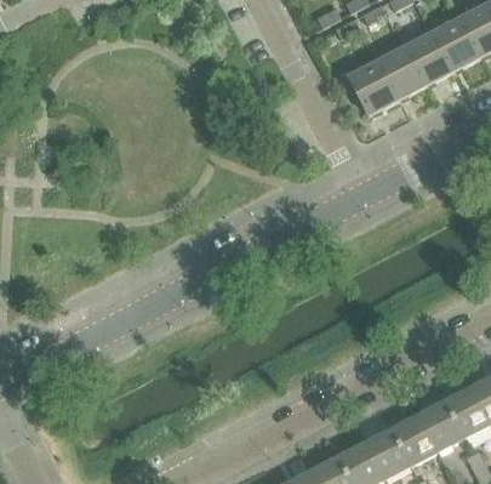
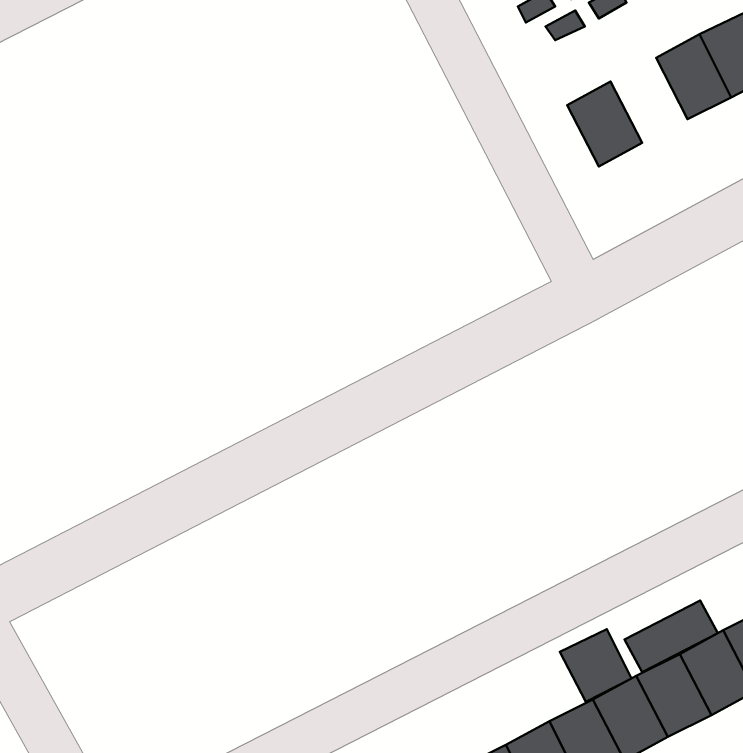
building: [376,47,423,99] -> none
building: none -> [624,601,718,672]
building: none -> [560,629,631,702]

